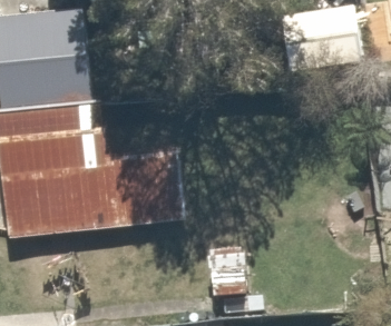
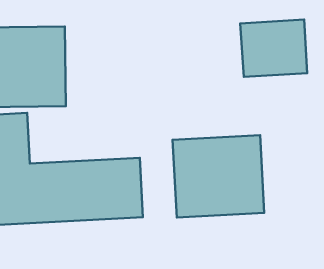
building: none -> [173,135,264,218]

